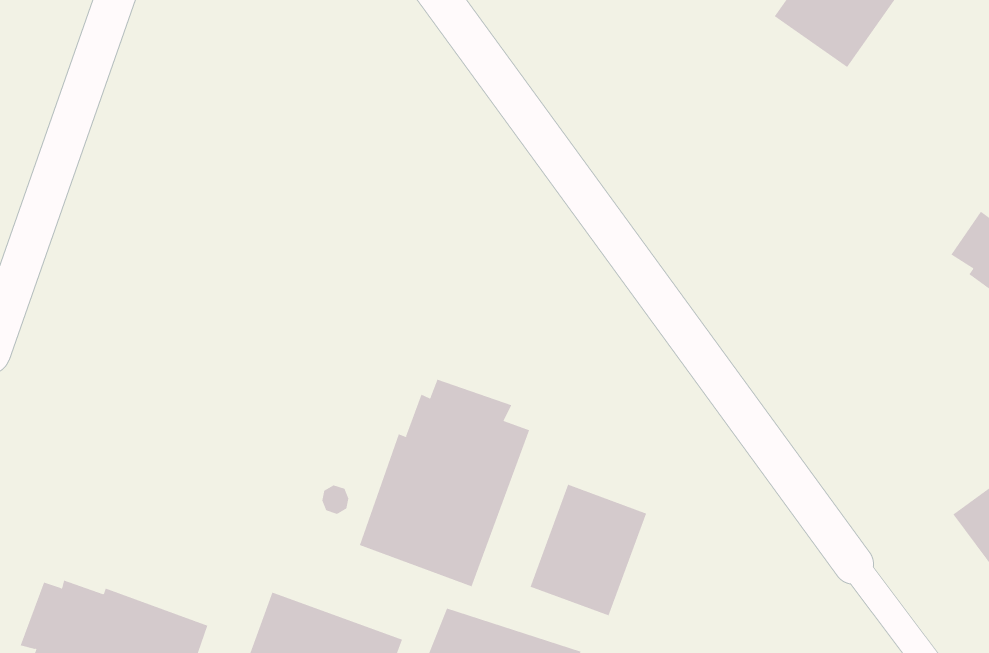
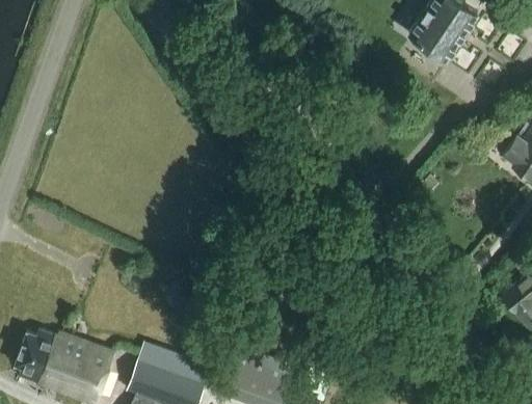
building: [359,379,530,587] -> none
building: [530,484,647,616] -> none

